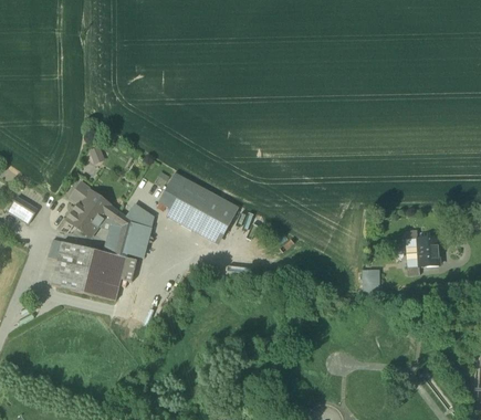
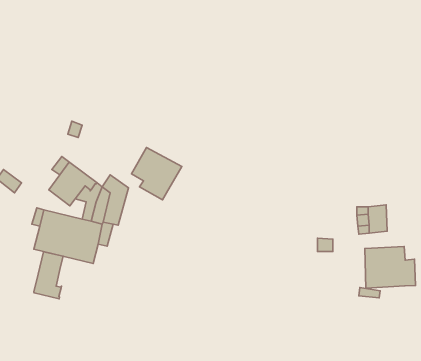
building: [196,193,237,235] -> none
building: none -> [365,247,416,288]
building: none -> [34,252,63,299]

